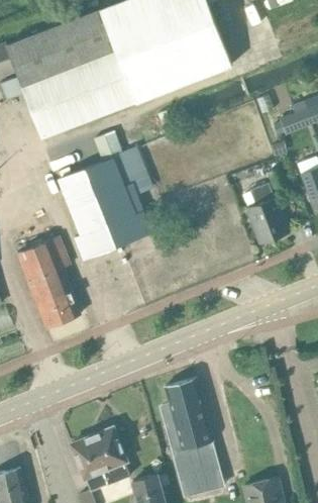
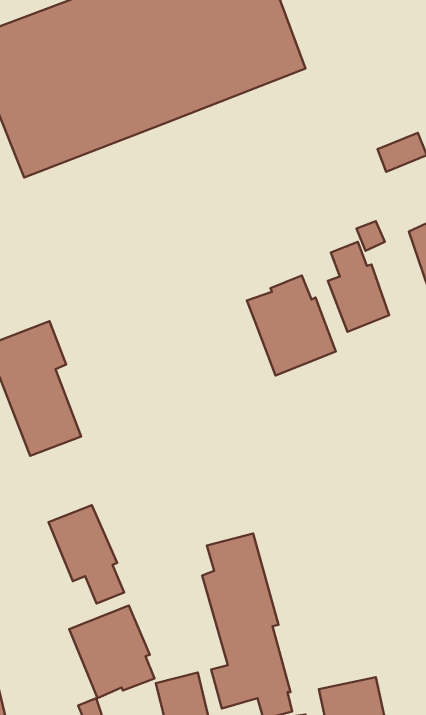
building: [57,131,151,261] -> none
building: none -> [247,275,336,375]
building: none -> [49,505,124,604]

